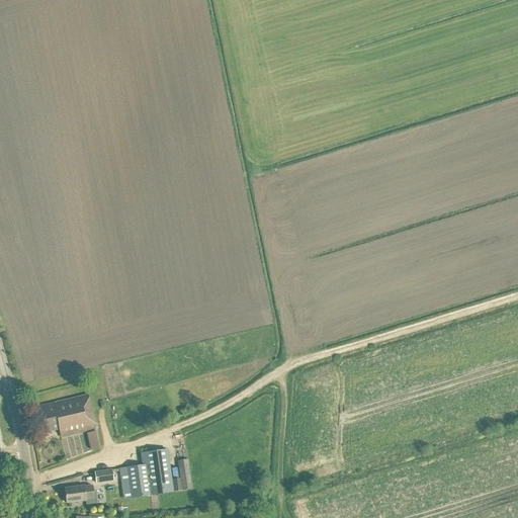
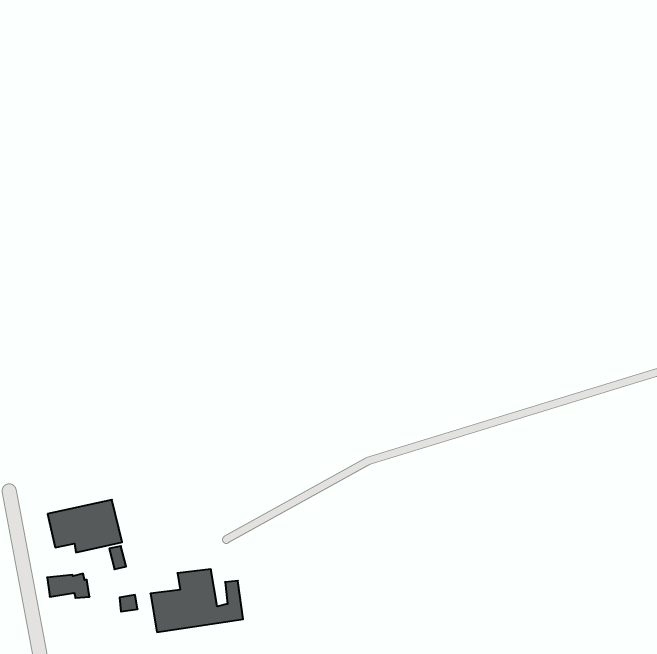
building: [64,484,97,503] -> [47,574,90,598]

